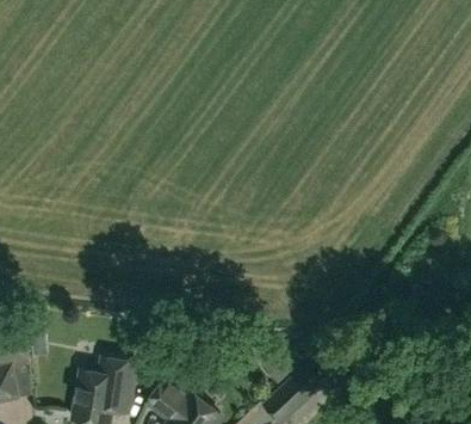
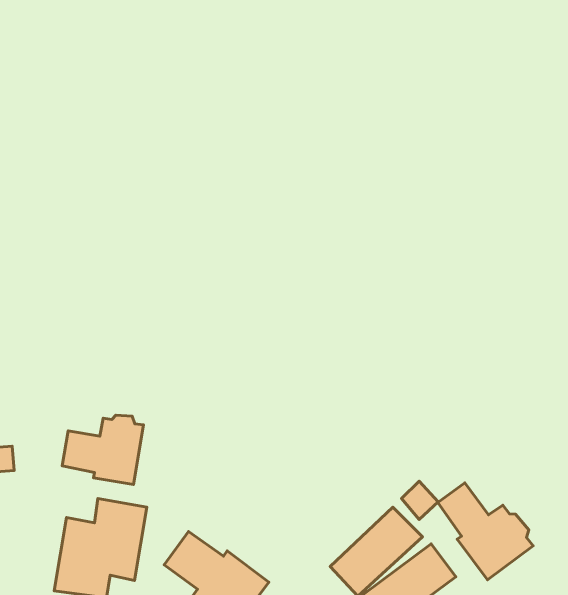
building: none -> [62,415,143,484]
building: none -> [438,483,533,580]

